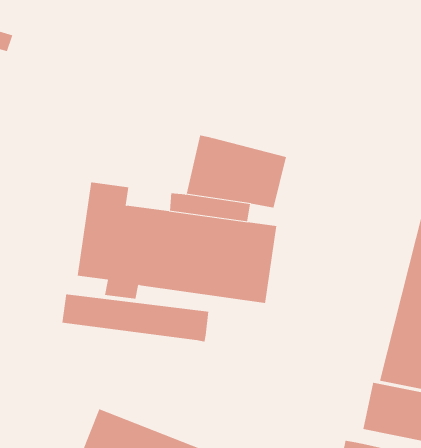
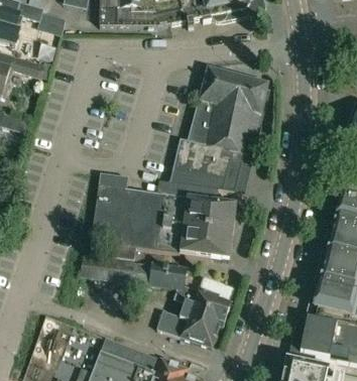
building: none -> [189,67,266,153]
building: none -> [157,274,234,346]

